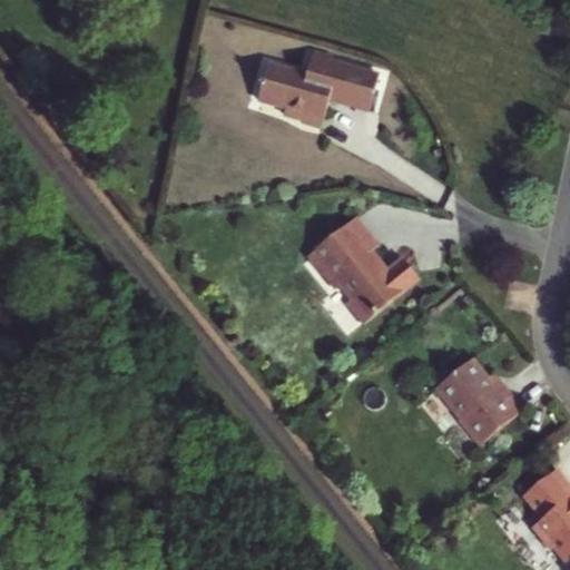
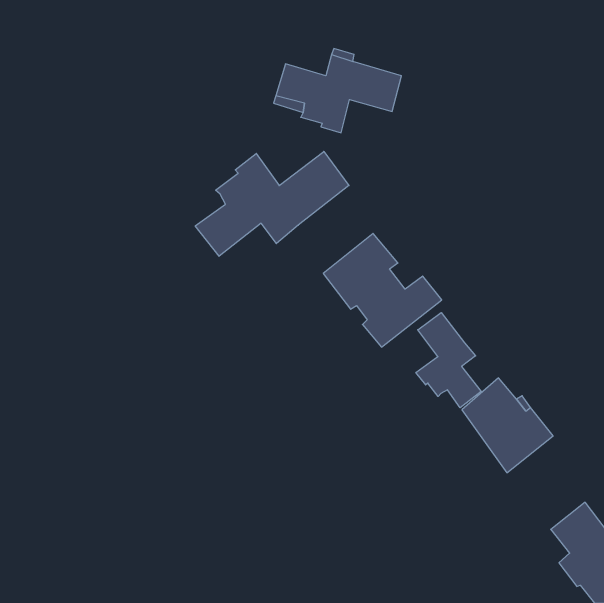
building: none -> [195,151,349,256]
building: none -> [416,313,481,408]

